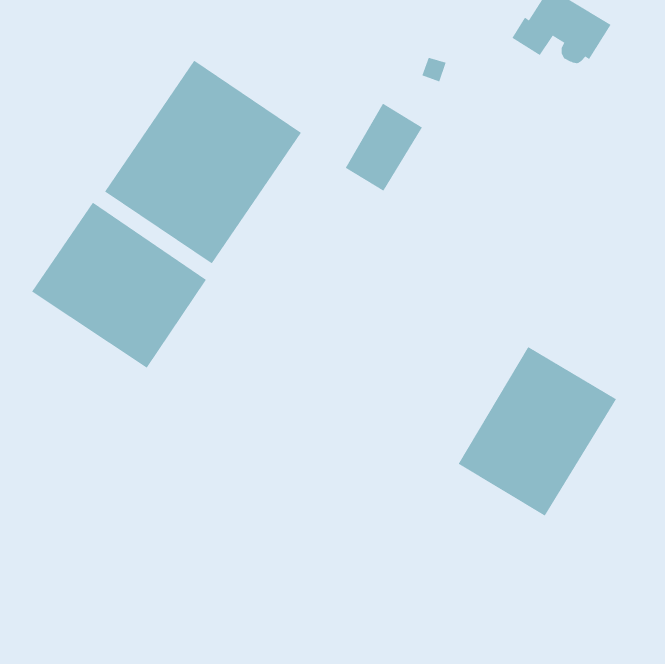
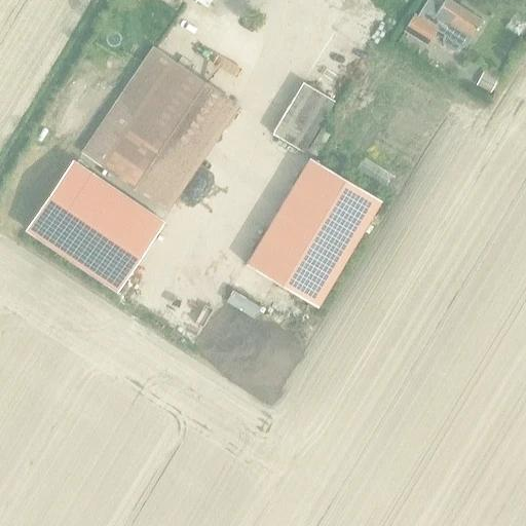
building: none -> [248,157,381,306]
building: [458,346,617,516] -> none

